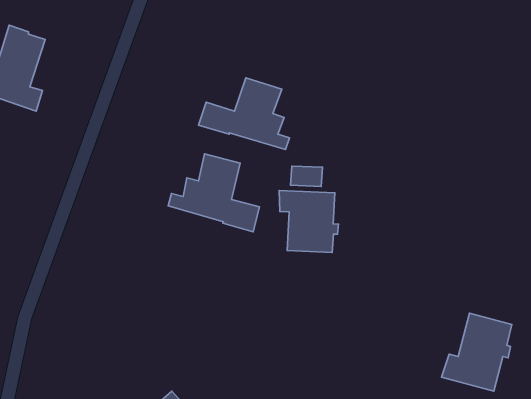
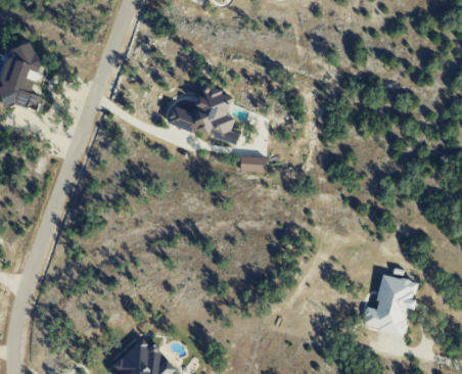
building: [168,154,259,232] -> none
building: [279,190,339,252] -> none

